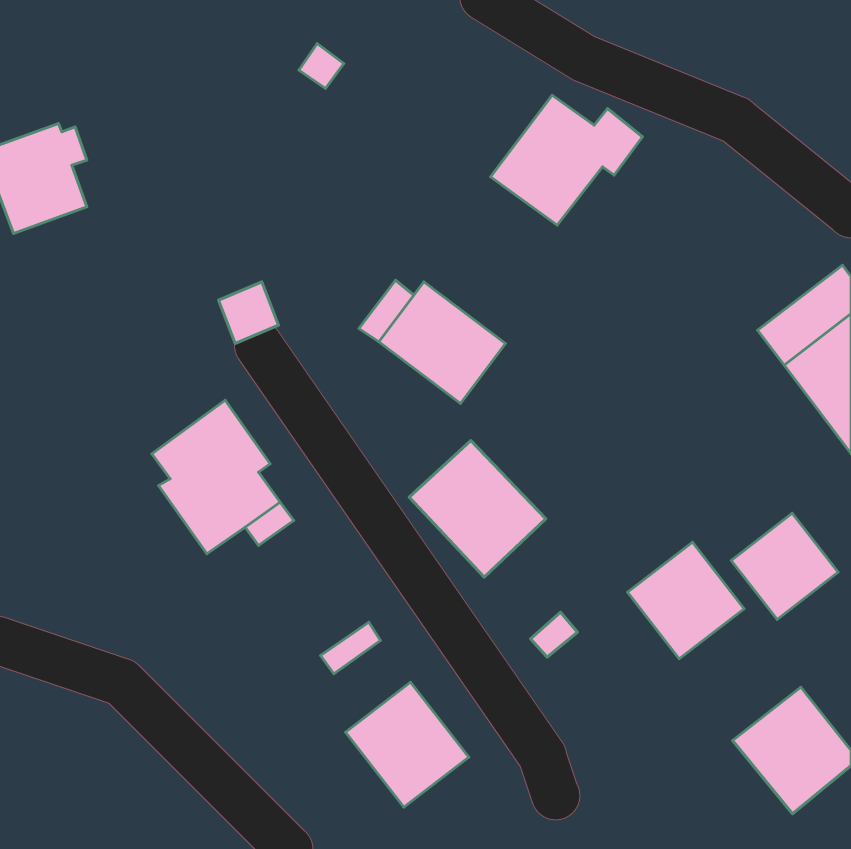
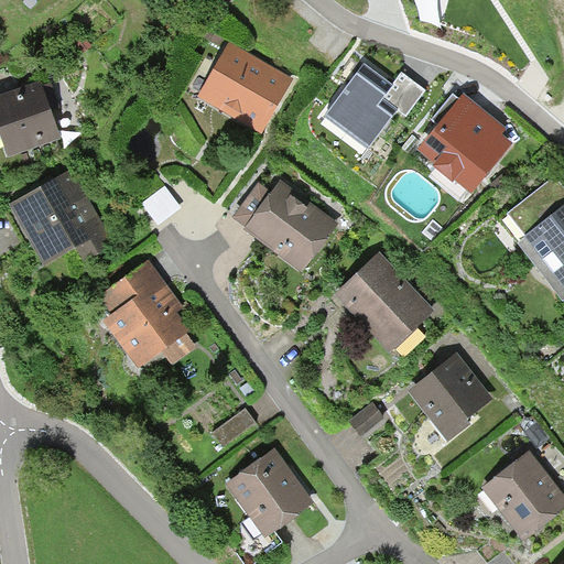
building: none -> [203,48,286,128]
building: none -> [417,93,510,198]
building: none -> [9,170,113,264]
building: [409,440,546,577] -> [339,258,430,348]
building: [731,513,838,620] -> none

